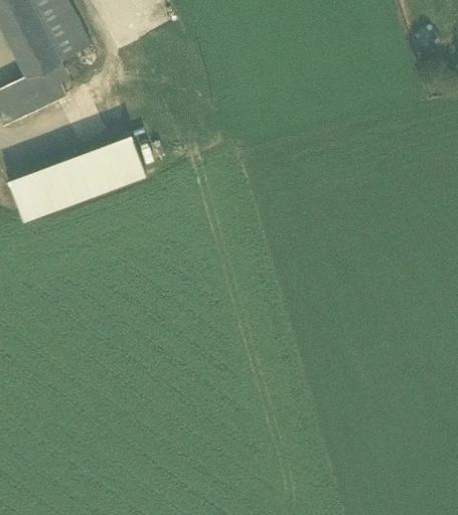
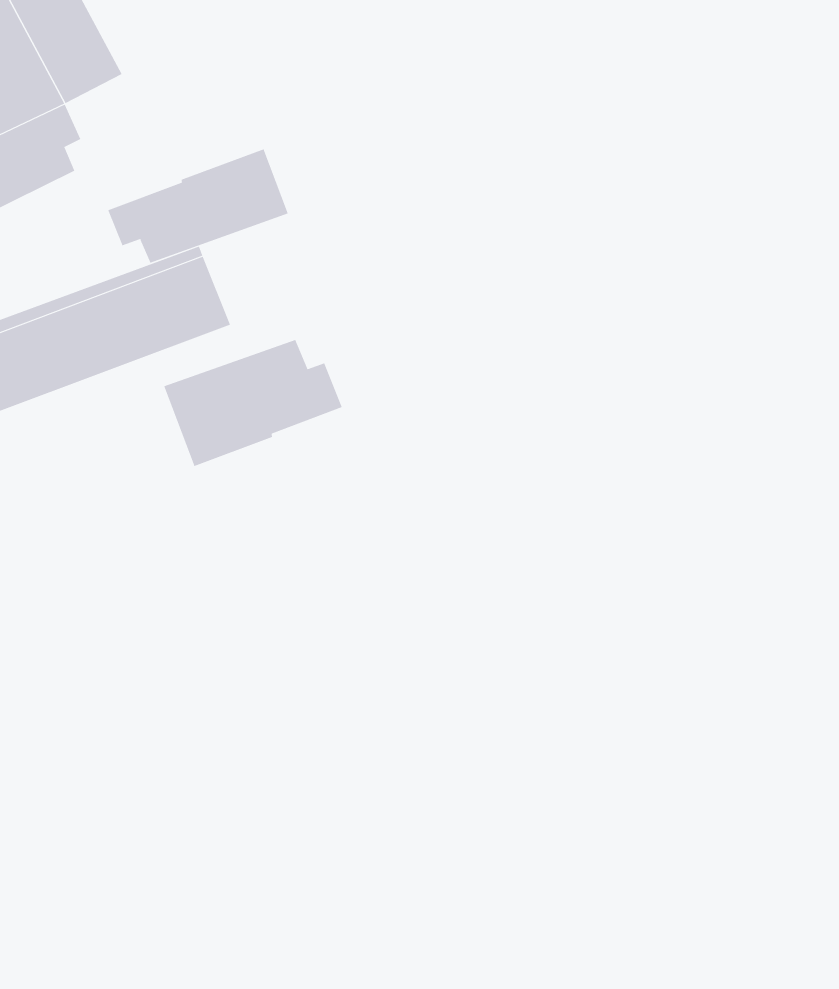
building: none -> [108,148,289,263]
building: none -> [163,339,342,467]

